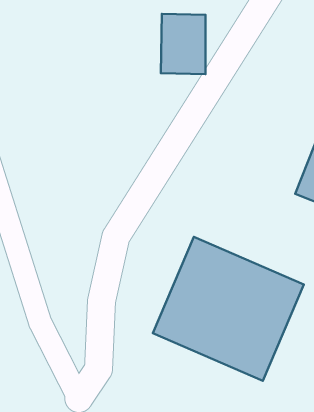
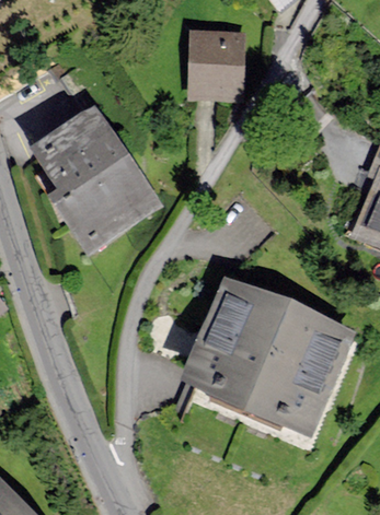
building: none -> [37,119,154,245]

